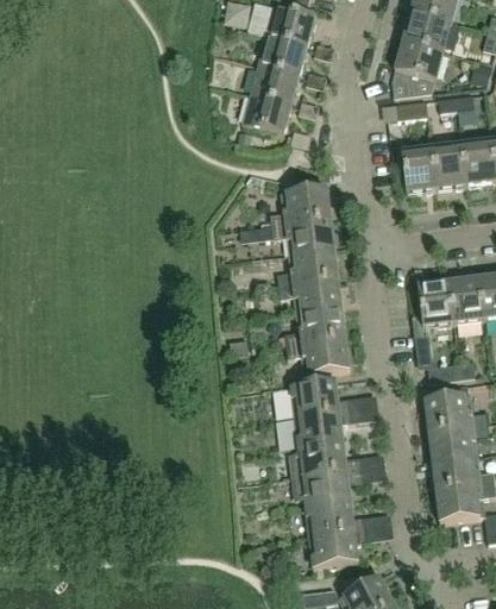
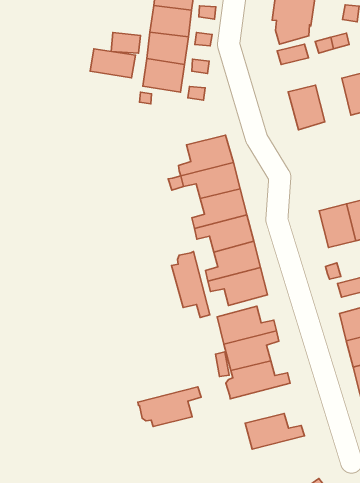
building: none -> [90,49,136,78]
building: [432,143,466,188] -> none
building: none -> [172,252,210,318]
building: [293,469,363,506] -> [138,387,201,426]
building: [309,528,370,566] -> none

